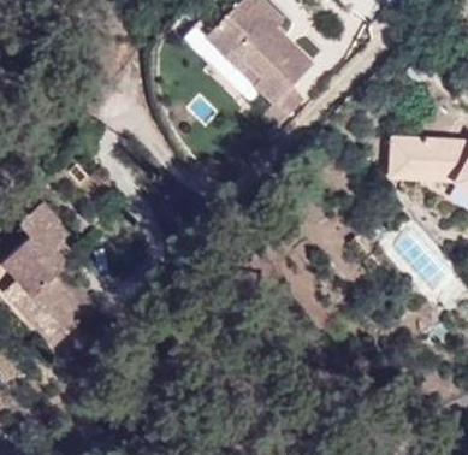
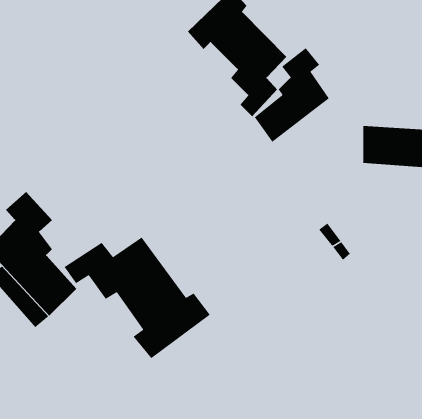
building: none -> [254,47,330,143]
building: none -> [64,237,211,359]

